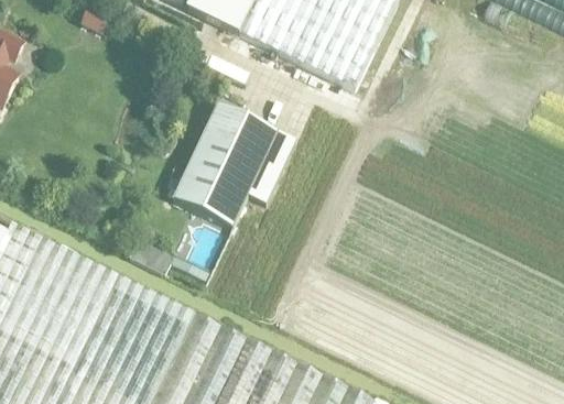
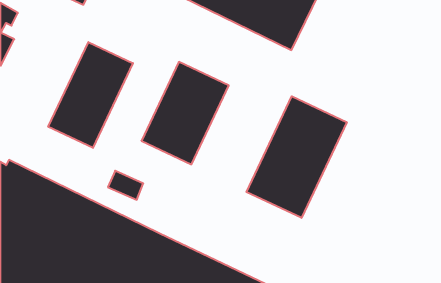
building: none -> [48,42,133,148]
building: none -> [246,96,347,218]

